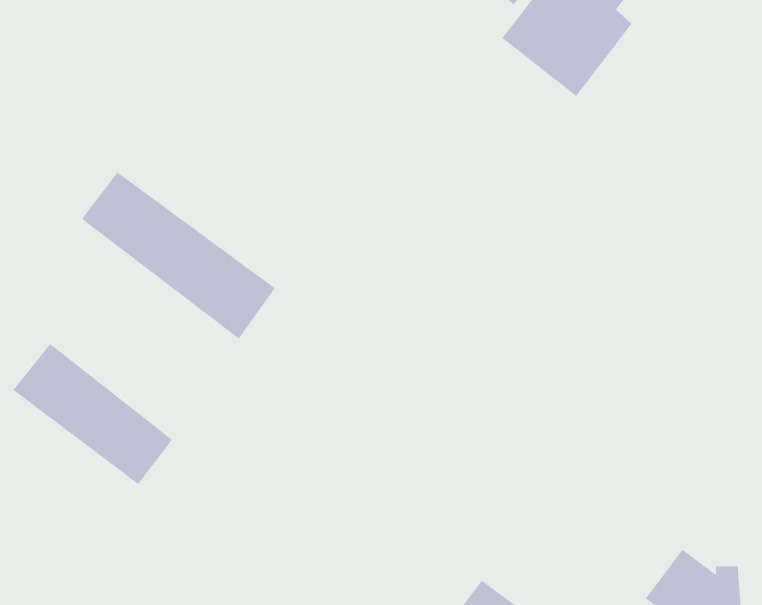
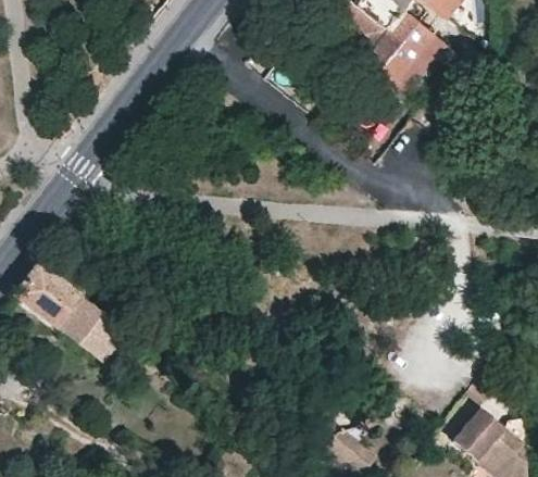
building: [81,172,275,339] -> none

